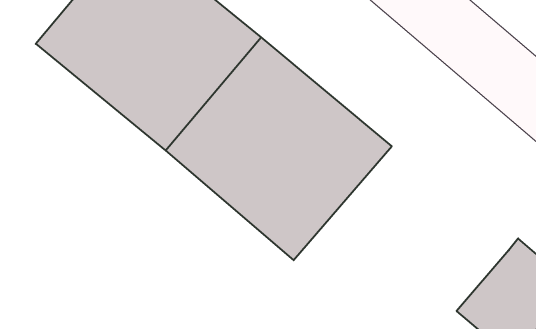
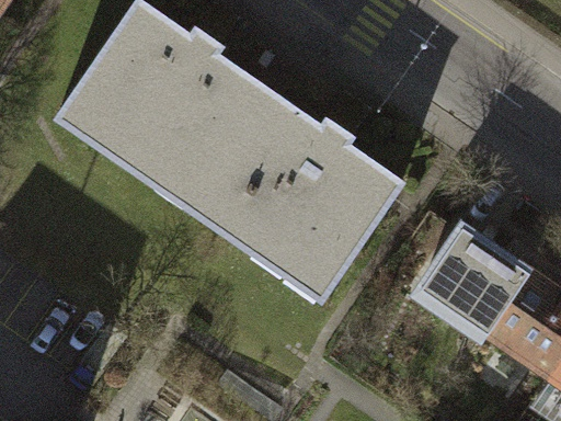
building: none -> [421,227,526,332]

